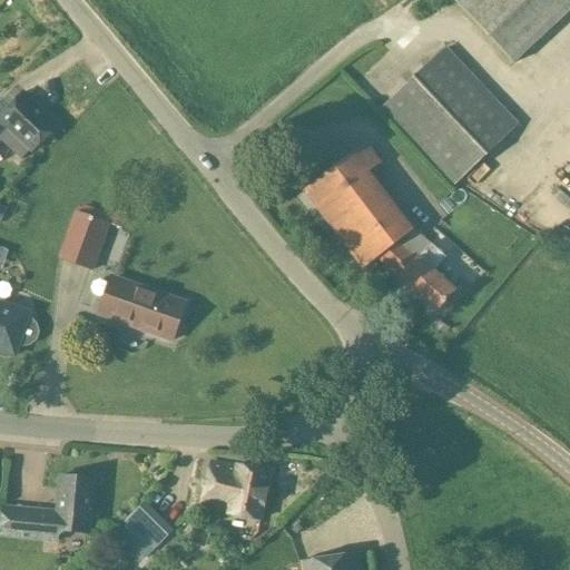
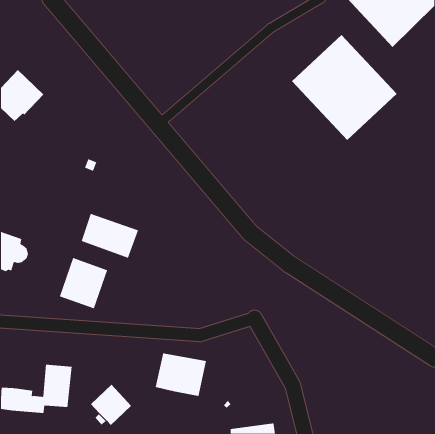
building: [303,140,455,309] -> none
building: [58,208,109,267] -> none
building: none -> [59,257,108,309]

